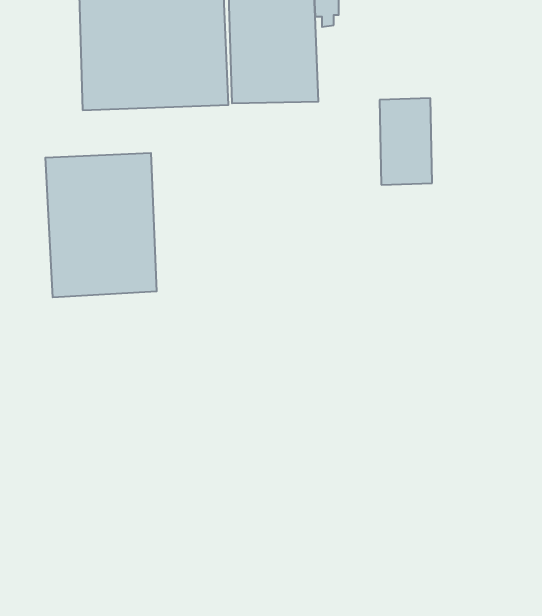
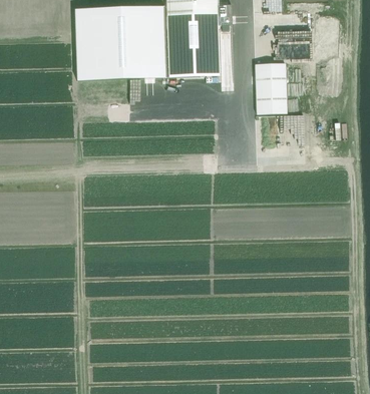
building: [45,153,157,297] -> none

